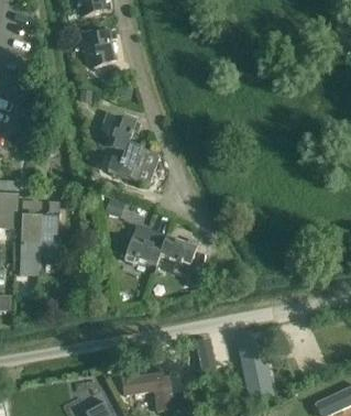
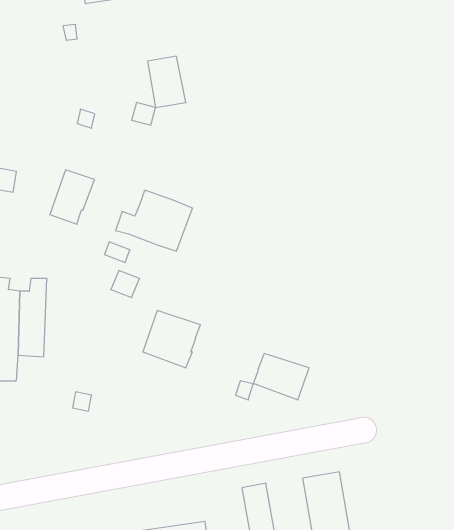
building: [89,32,116,67] -> [148,56,186,107]
building: [105,117,135,154] -> [50,170,94,224]
building: [158,234,197,266] -> [253,354,309,400]

